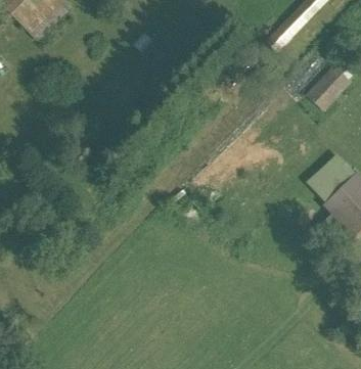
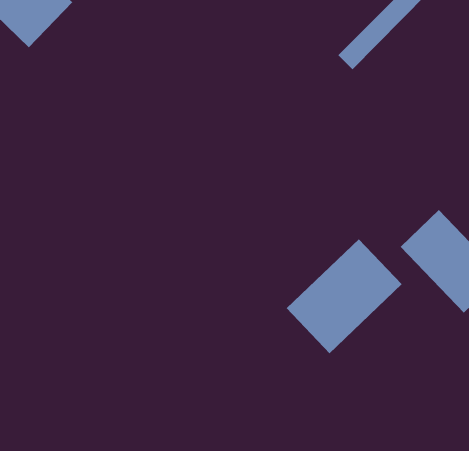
building: [305,65,350,109] -> none
building: none -> [286,238,402,354]

